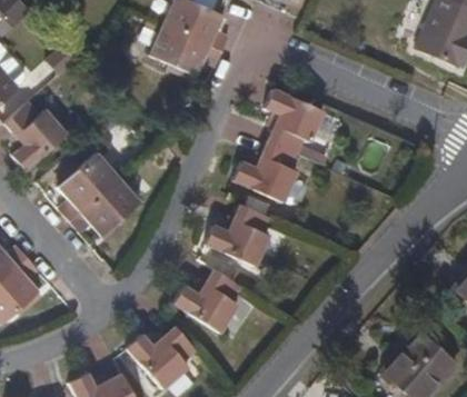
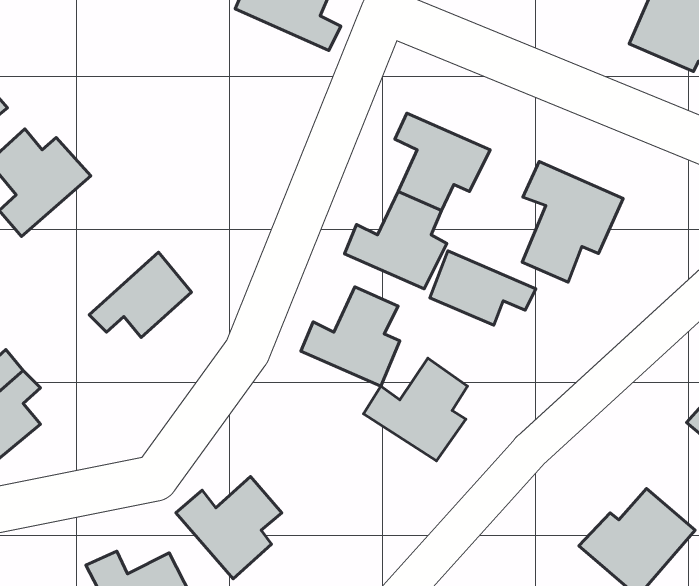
building: [150,24,223,75] -> none
building: none -> [522,162,623,282]
building: [59,156,115,220] -> none
building: none -> [430,251,536,325]
building: [171,266,238,331] -> [363,358,468,461]

